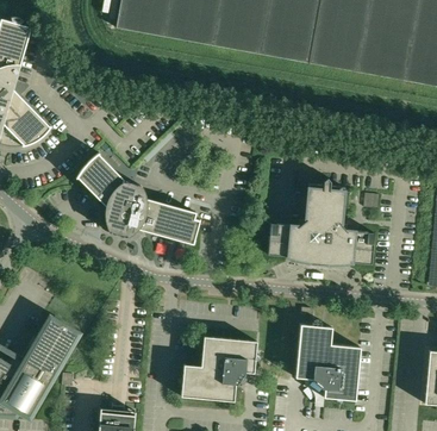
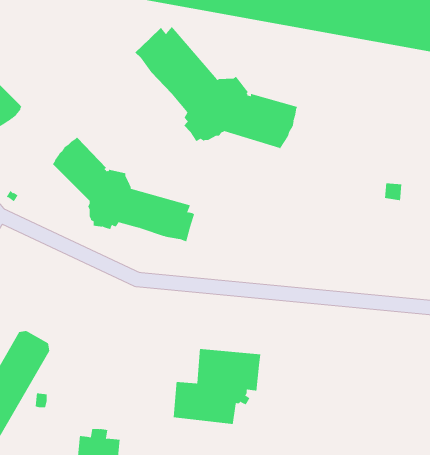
building: none -> [134,26,298,150]
building: [267,177,374,264] -> none
building: [295,324,360,400] -> none

